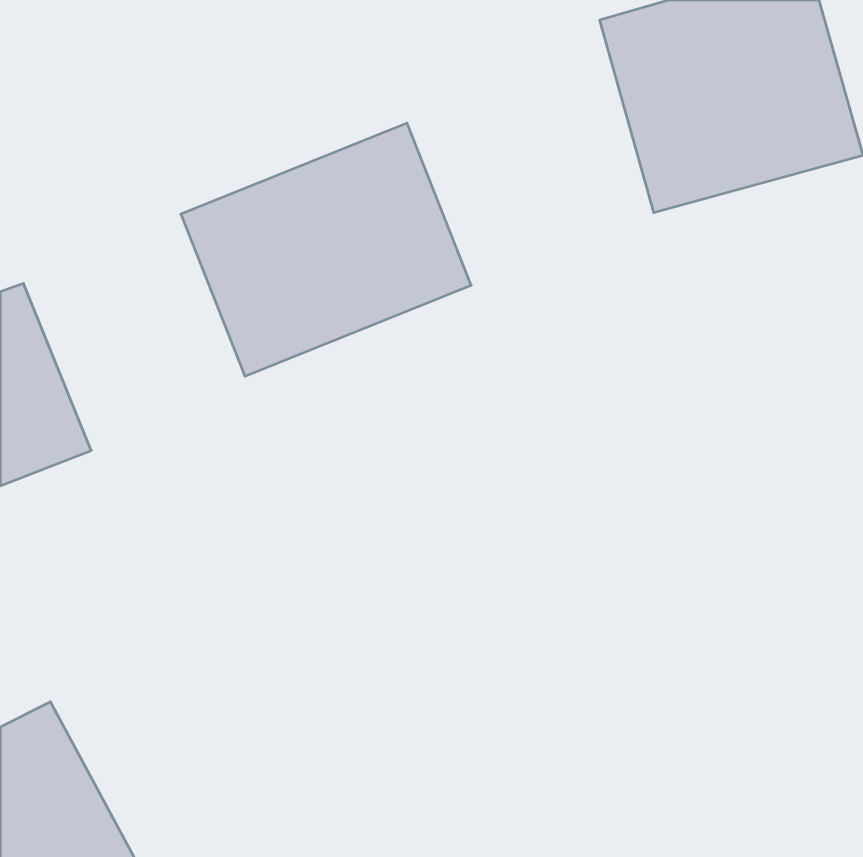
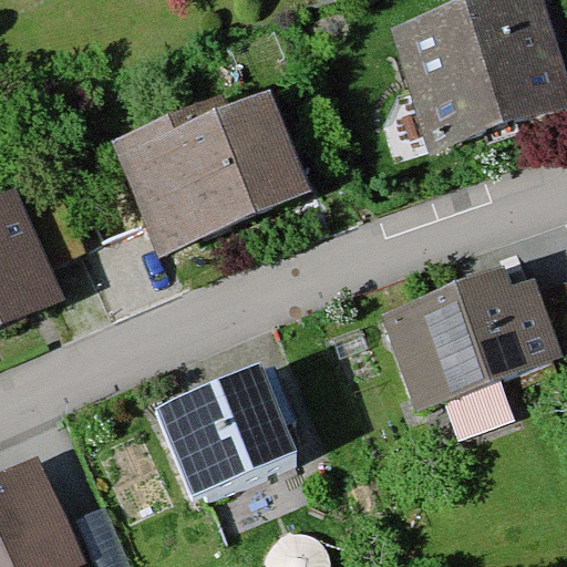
building: none -> [385,266,560,404]
building: none -> [153,364,298,501]

